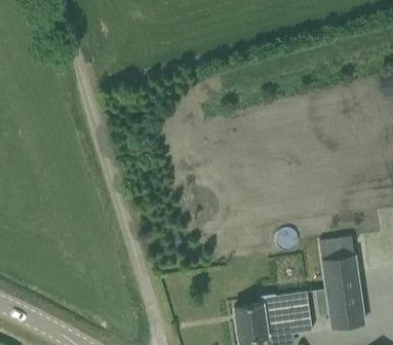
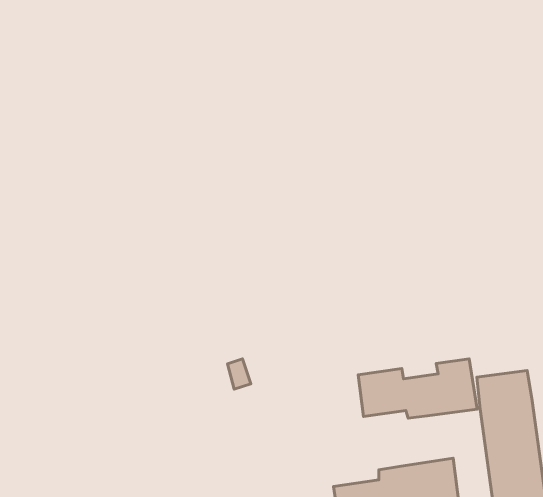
building: none -> [358,359,477,418]

